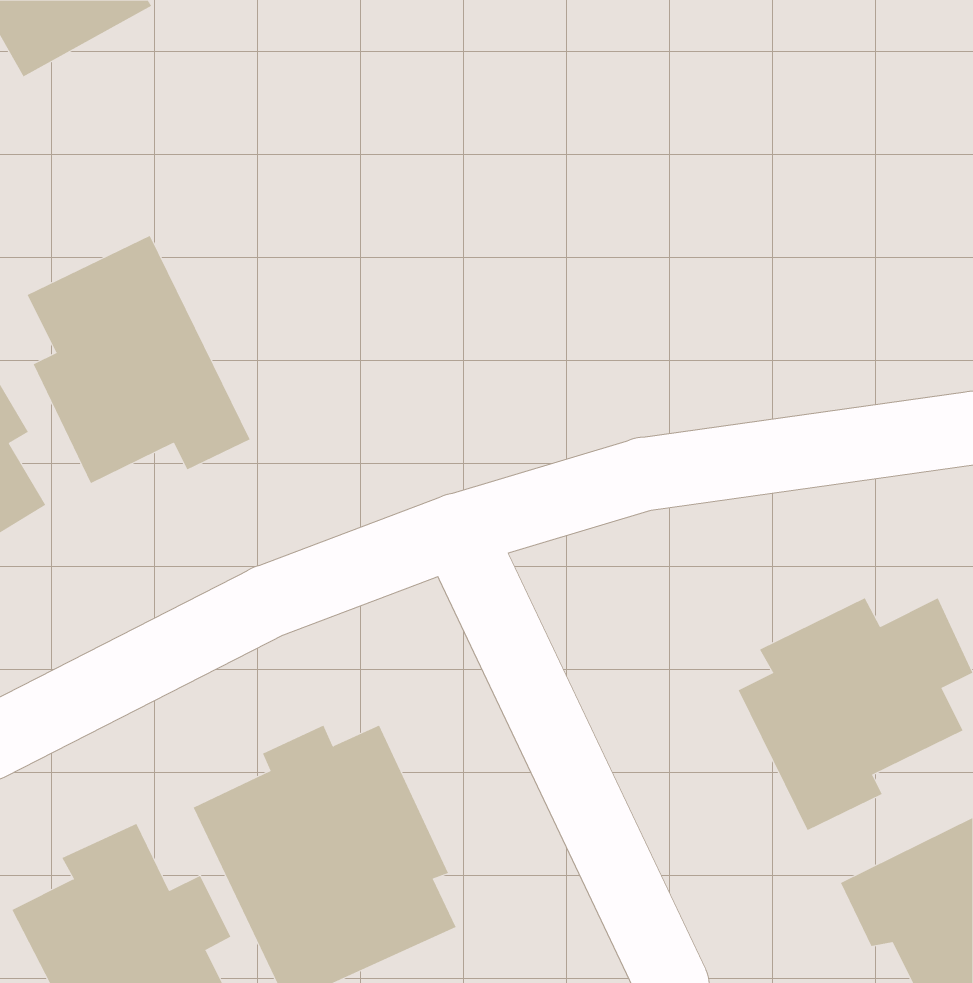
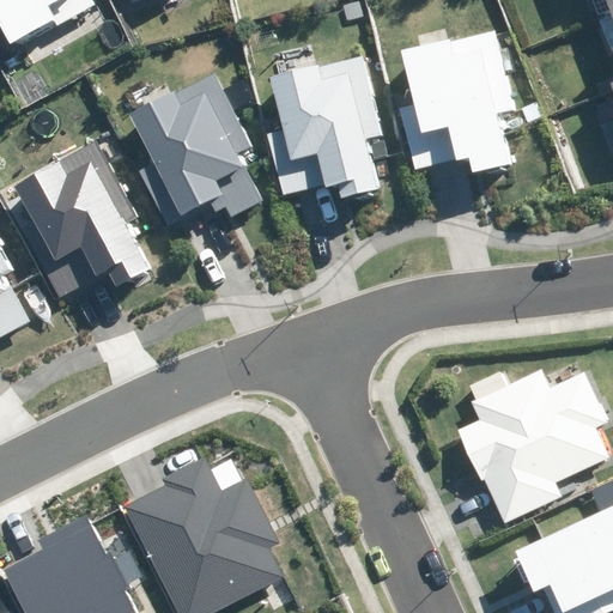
building: none -> [397,32,515,171]
building: none -> [261,51,382,196]
building: none -> [128,69,260,225]

